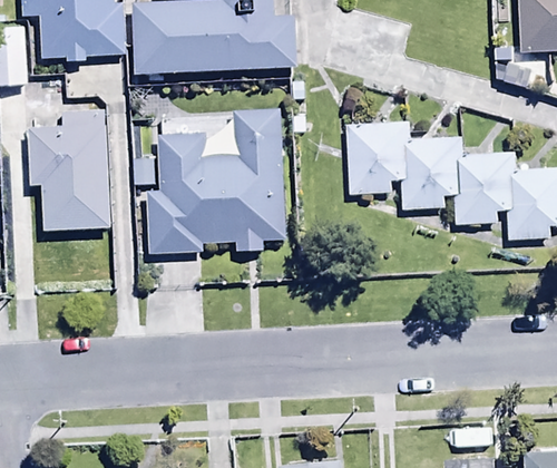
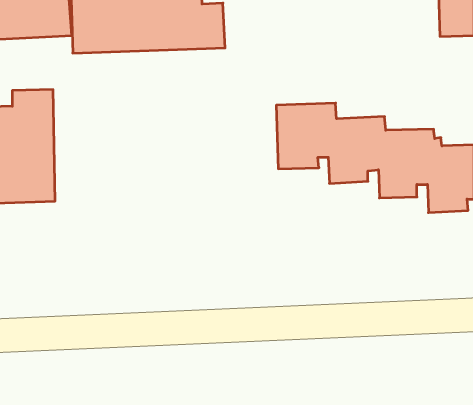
building: [149,109,289,254] -> none

